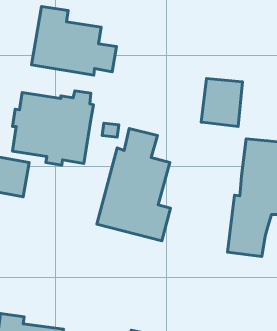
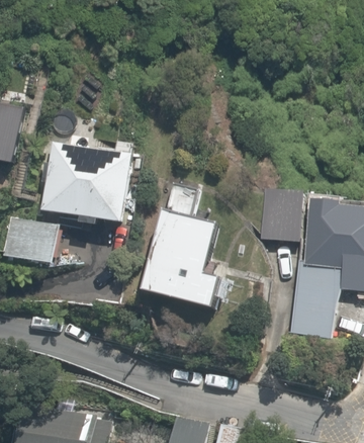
building: [32,6,117,75] -> none
building: [201,78,242,127] -> [258,187,305,243]

